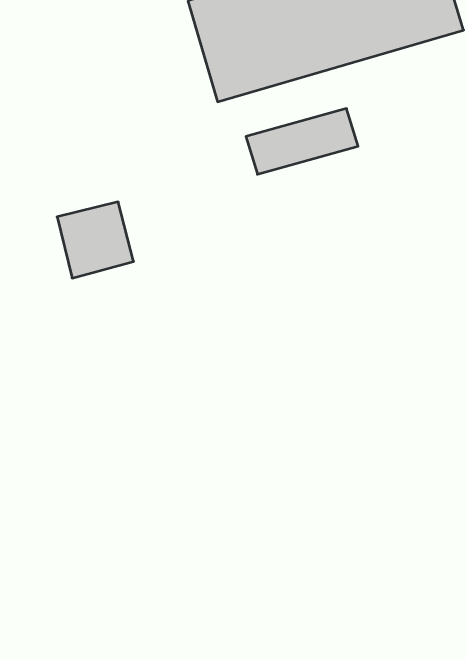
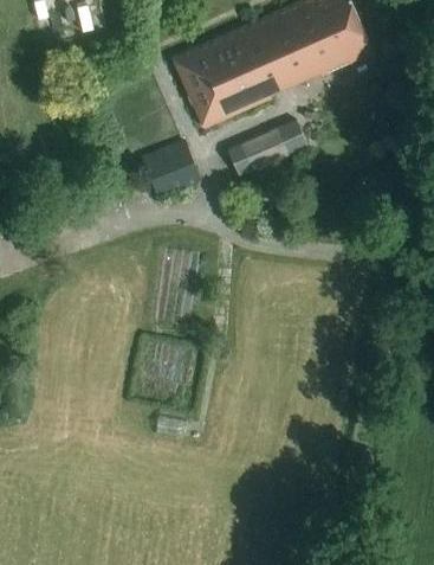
building: [57,202,134,278] -> [141,140,200,199]

